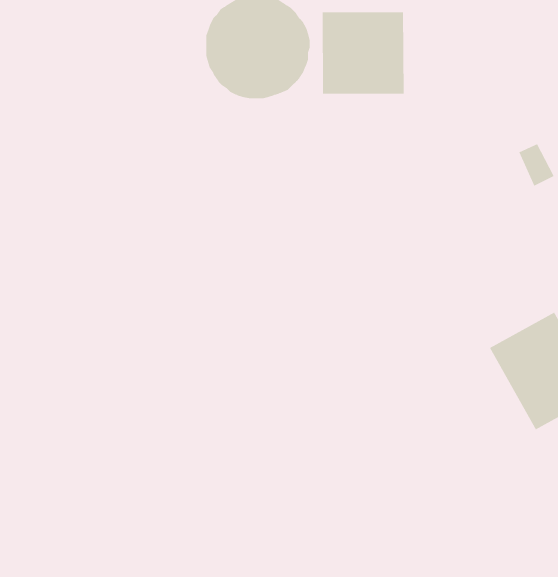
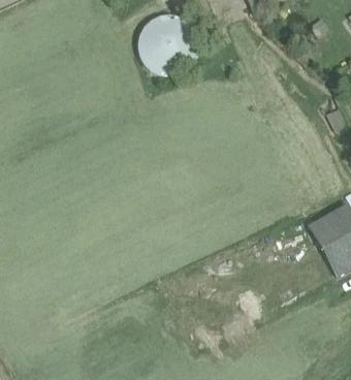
building: [322,11,404,94] -> none

